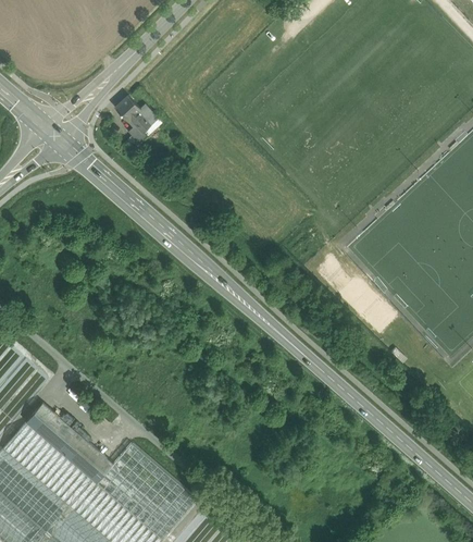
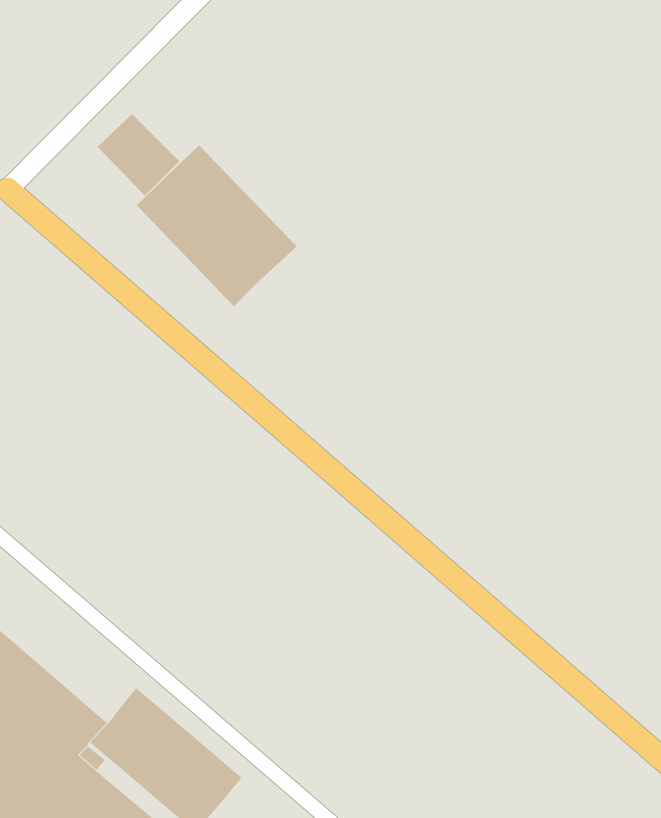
building: none -> [136,144,298,307]

